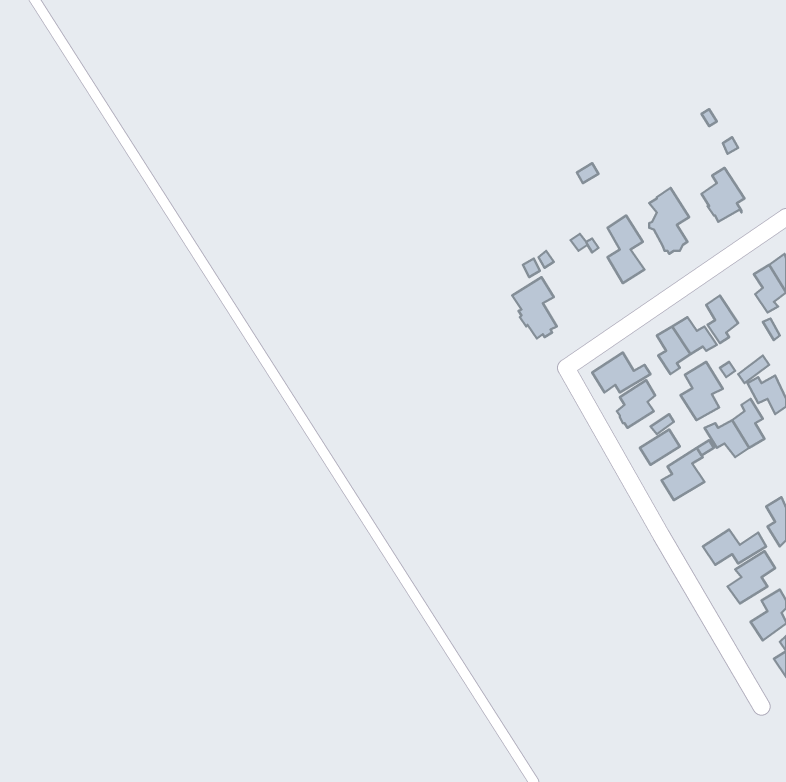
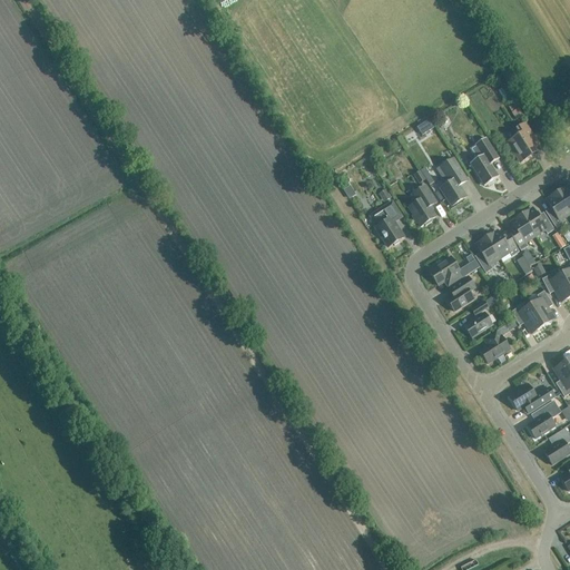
building: none -> [409,184,436,225]
building: none -> [521,206,554,234]
building: [680,362,723,420] -> none

